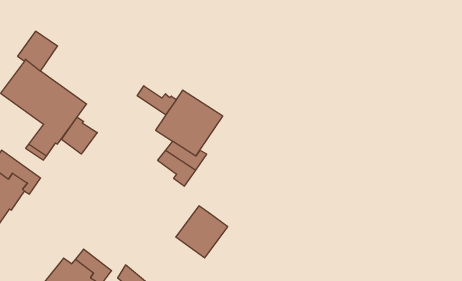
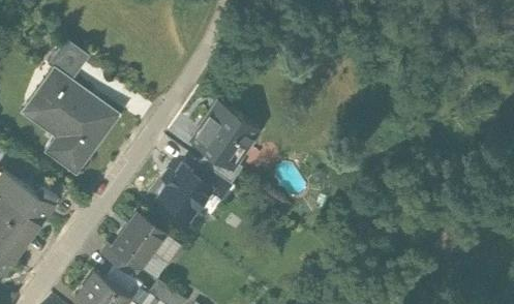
building: [137,86,176,115] -> none
building: [61,117,97,154] -> none
building: none -> [111,215,164,270]
building: [176,206,228,258] -> [157,166,211,220]

